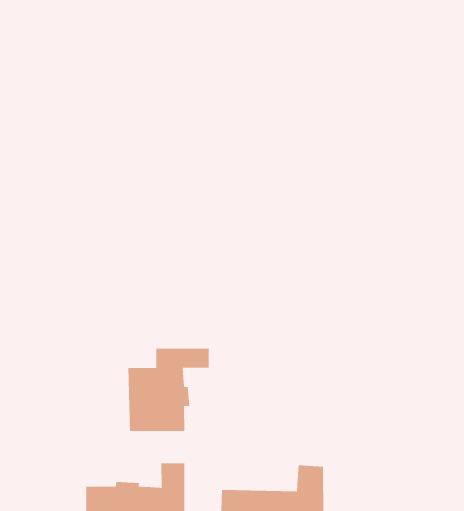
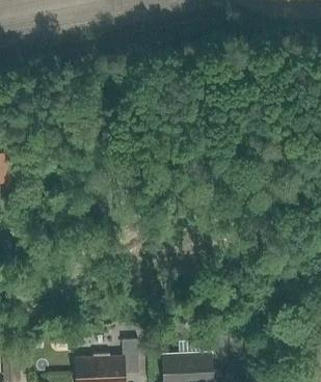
building: [127,348,210,432] -> none

